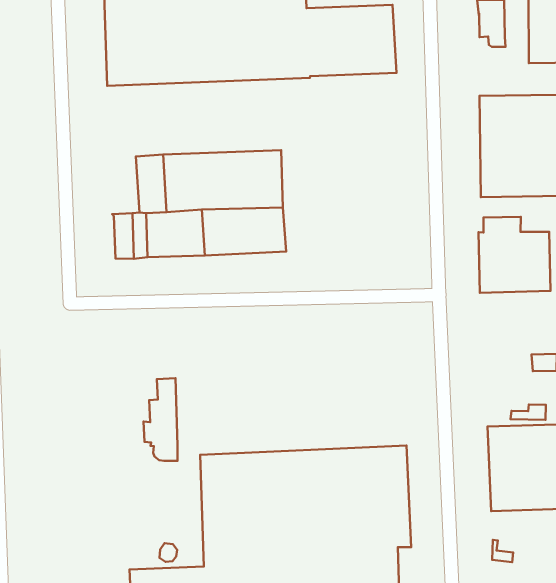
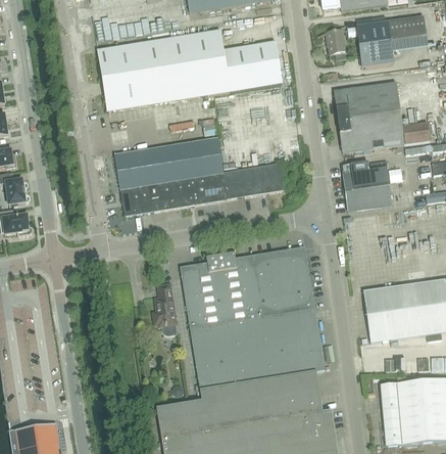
building: none -> [114,151,136,188]
building: none -> [222,163,284,198]
building: none -> [180,245,314,328]

